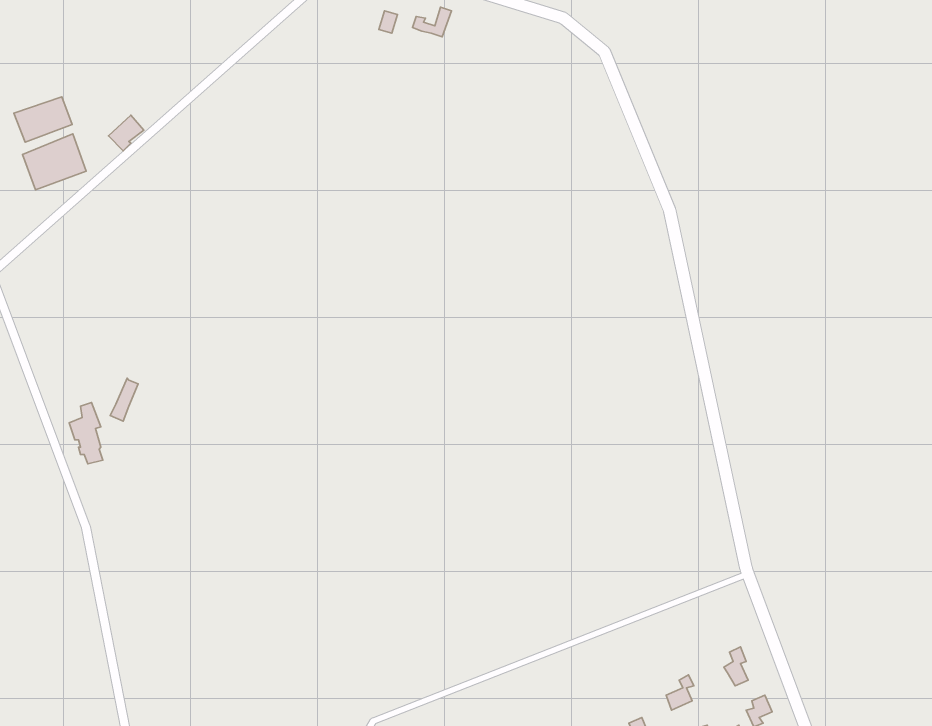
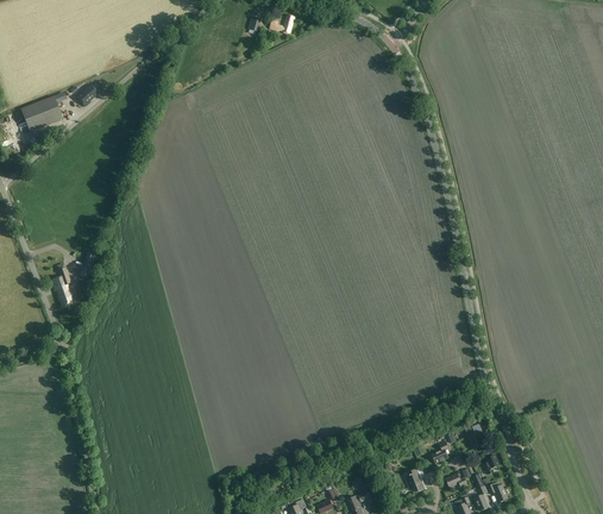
building: [14,97,72,142] -> none

